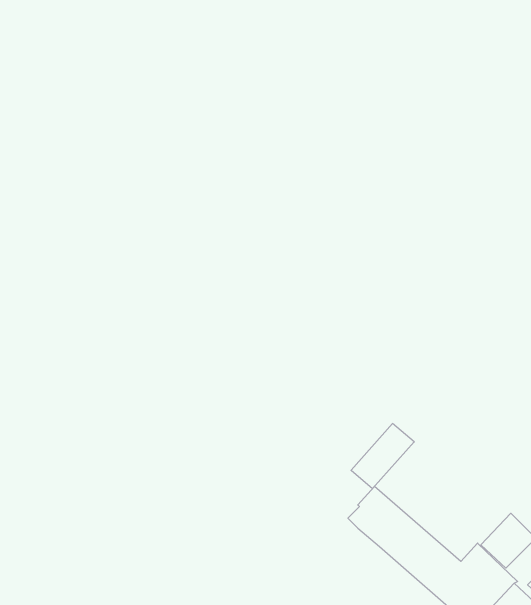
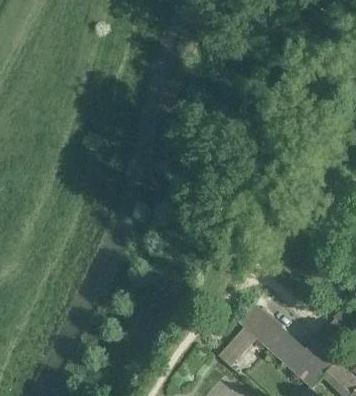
building: [351,424,414,489] -> [218,327,256,366]

